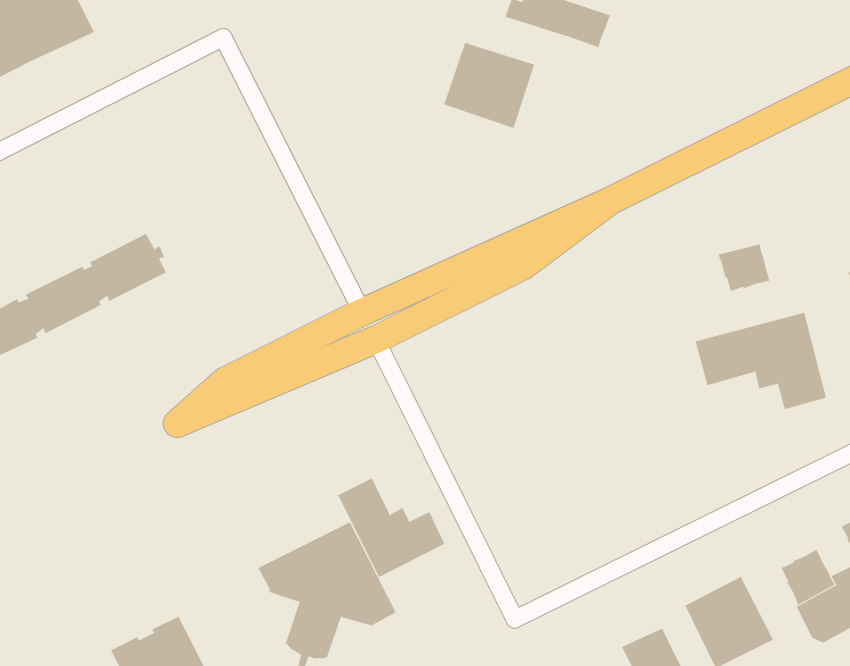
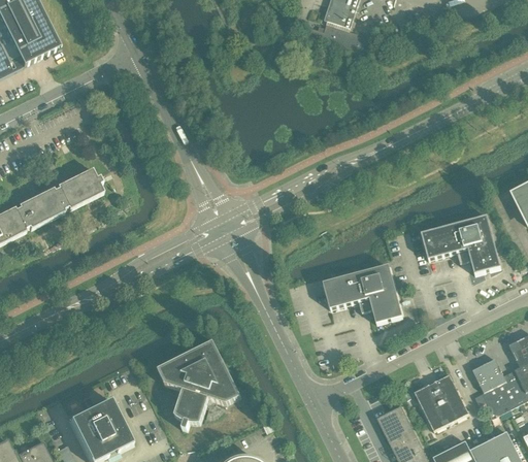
building: [444,42,535,129] -> none
building: [718,243,770,292] -> none
building: none -> [322,264,401,322]
building: [337,477,445,578] -> none

